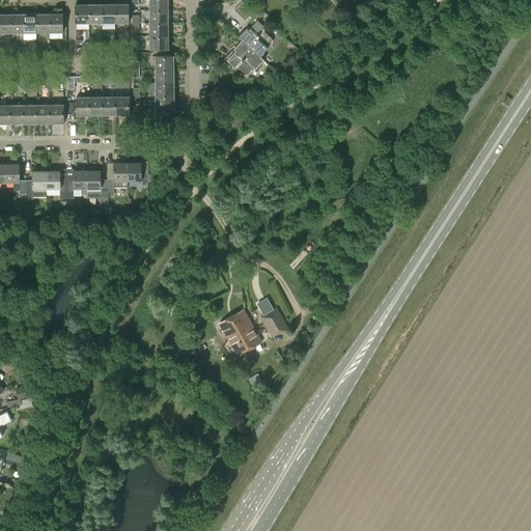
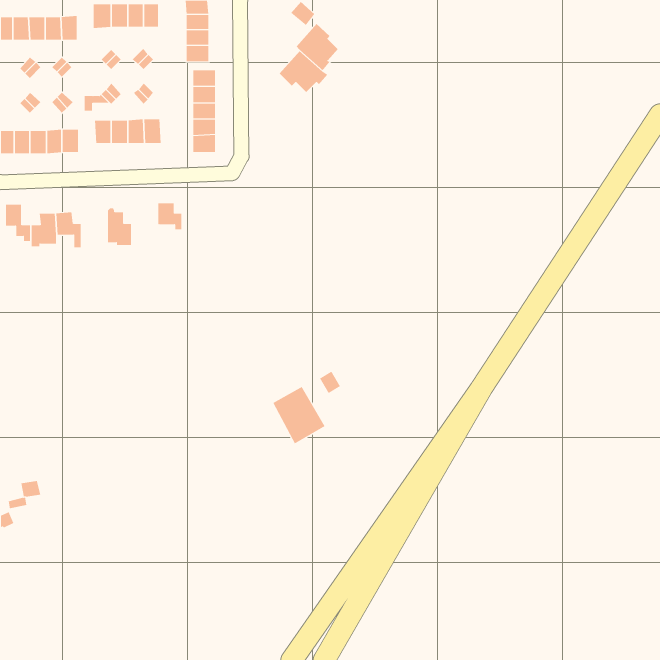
building: [106,163,127,193] -> none
building: [65,170,86,199] -> none
building: [260,309,287,337] -> none

